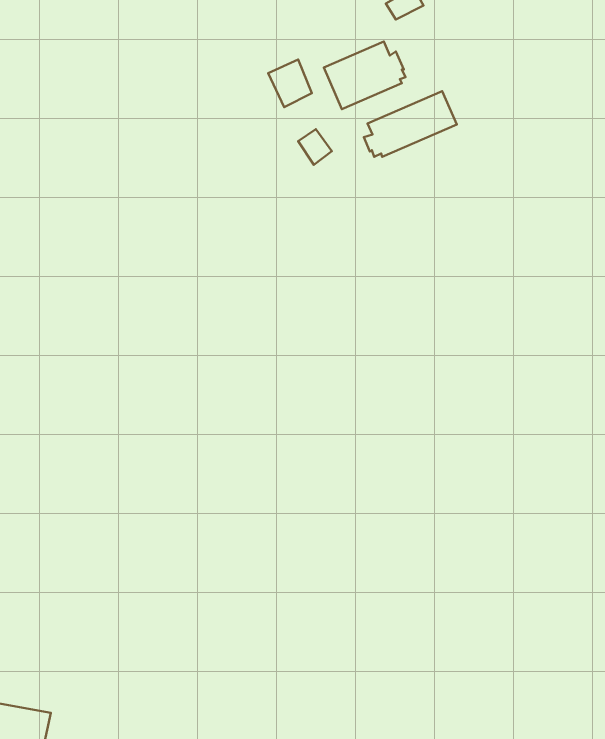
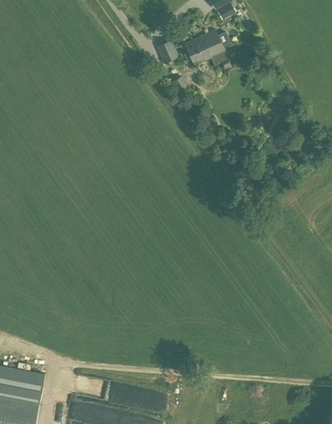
building: [364,91,457,157] -> none

